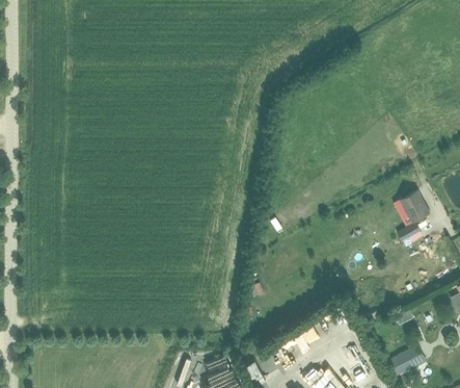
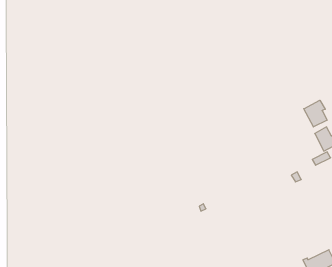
building: none -> [304,100,327,127]

